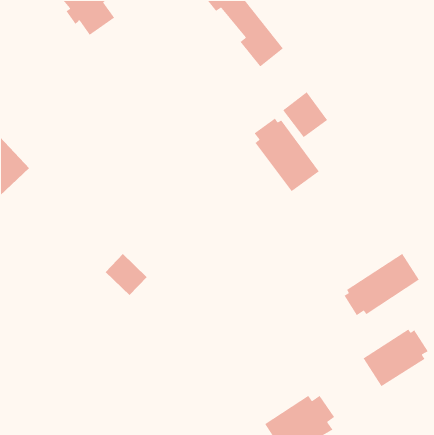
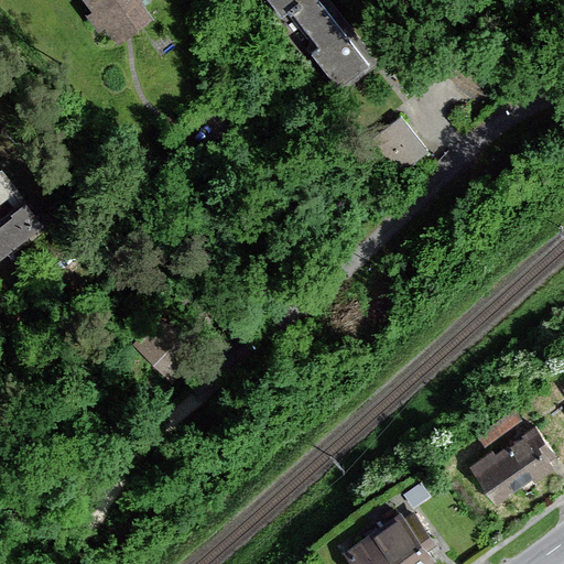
building: [253,117,320,192] -> none
building: [343,253,420,316] -> none

